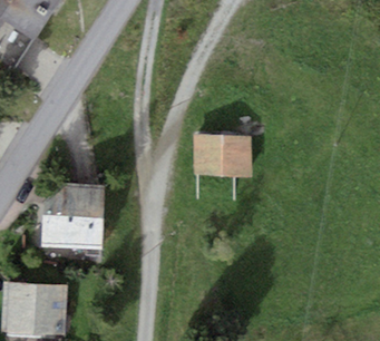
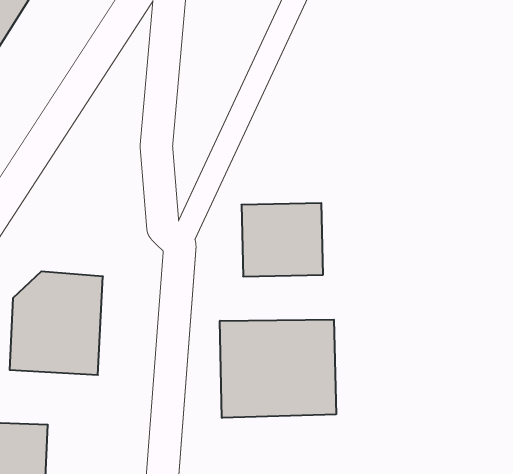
building: none -> [220,320,336,418]

